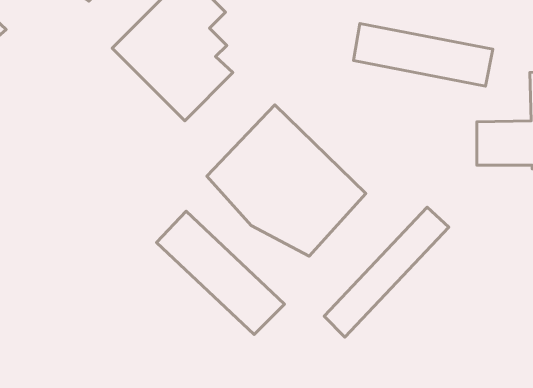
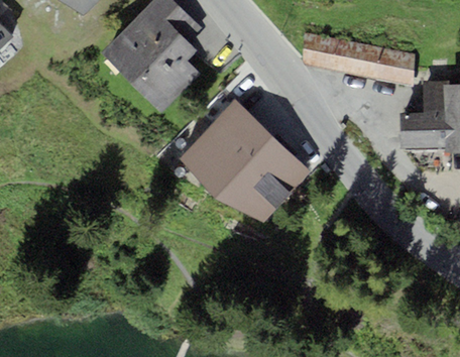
building: [324,207,449,337] -> none
building: [157,211,284,335] -> none

